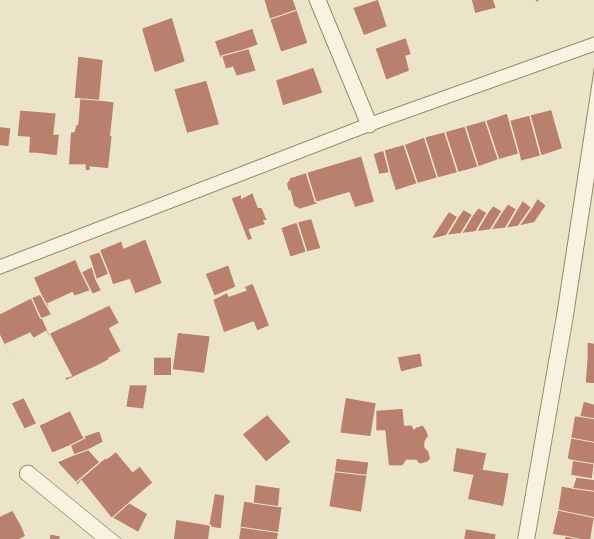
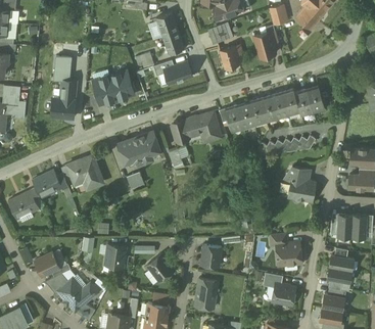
building: none -> [253,32,276,58]
building: [141,17,185,73] -> [92,75,116,105]
building: [17,110,60,156] -> none
building: none -> [285,167,315,201]
building: [212,283,270,333] -> [119,135,150,162]
building: [50,305,121,380] -> none
building: [172,332,210,373] -> [105,244,127,267]
building: [375,409,431,466] -> [271,233,301,265]

